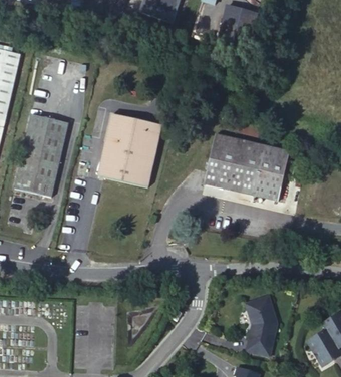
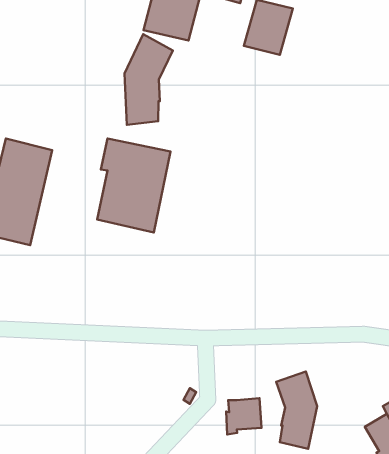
building: none -> [125,34,173,125]
building: [204,133,290,199] -> none
building: none -> [226,398,261,435]

